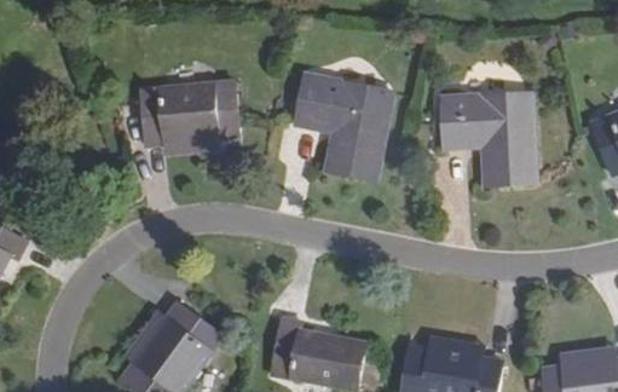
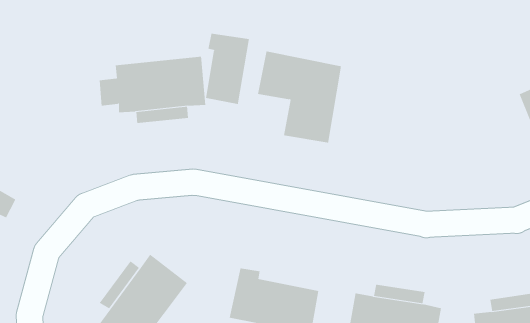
building: none -> [206,33,249,105]
building: [444,96,536,186] -> none

